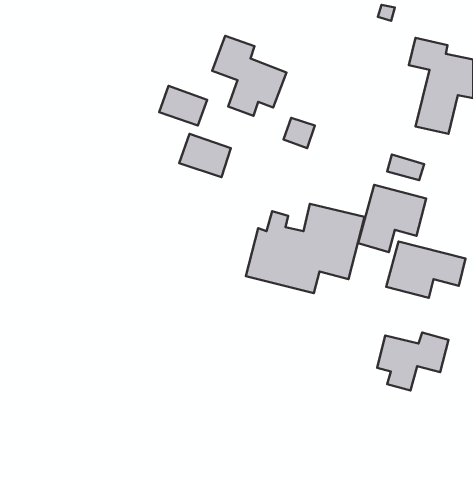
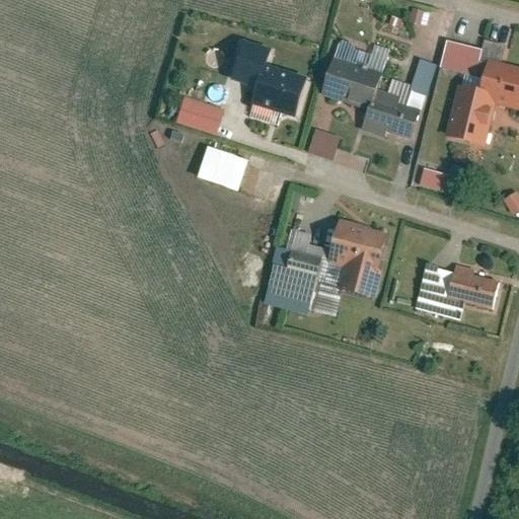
building: none -> [319,35,435,137]
building: [358,185,426,252] -> none
building: [377,333,448,390] -> none

